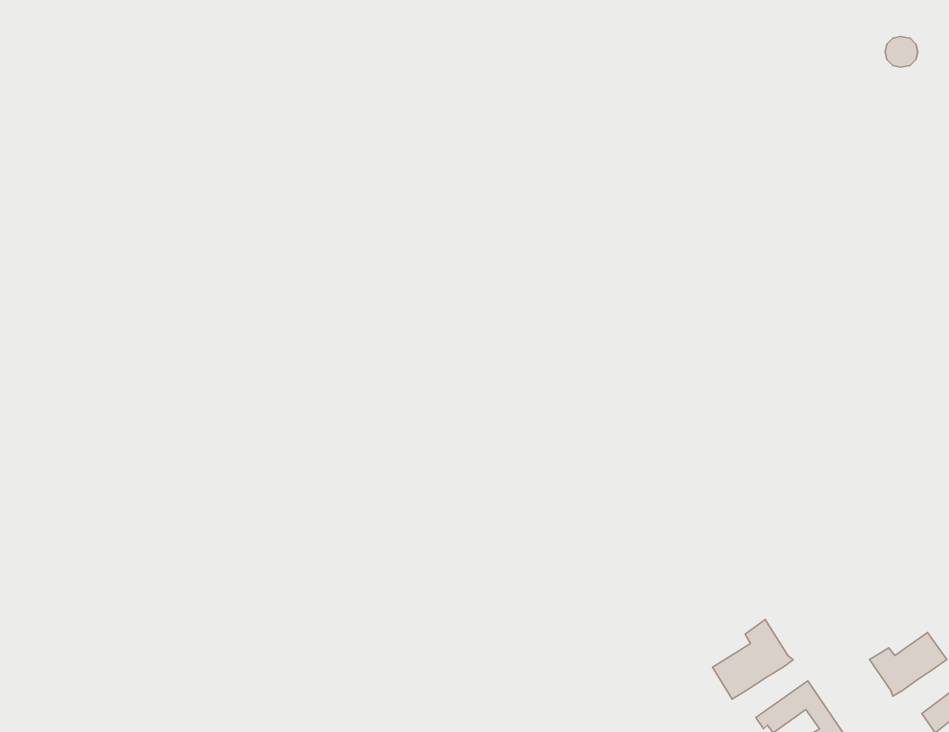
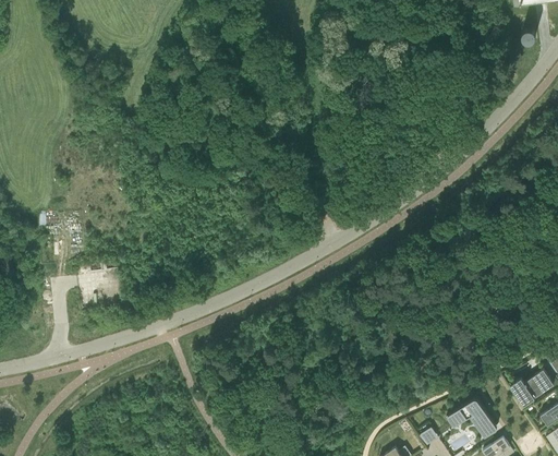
building: [713,620,793,699] -> none

